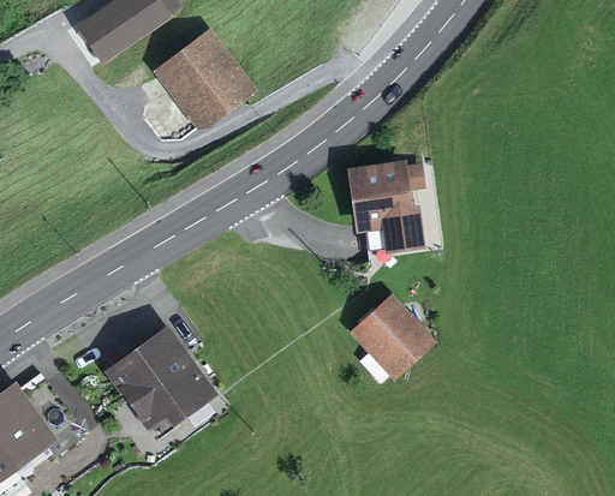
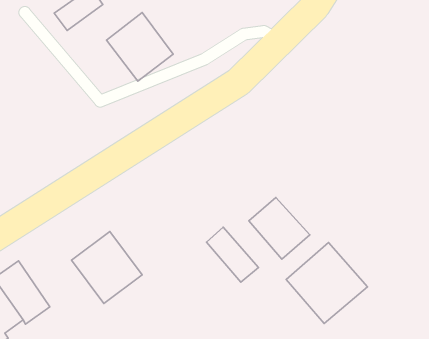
building: [344,161,419,249] -> none
building: none -> [207,227,258,282]
building: none -> [286,243,367,324]

